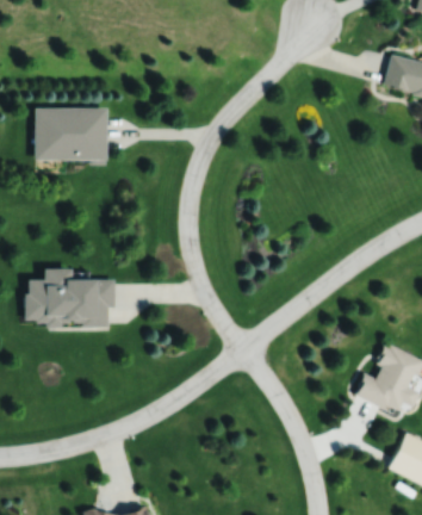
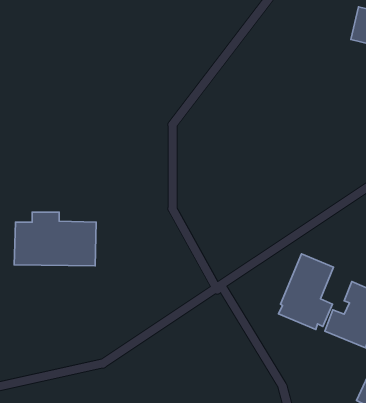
building: [35,108,106,160] -> none
building: none -> [278,254,334,329]

